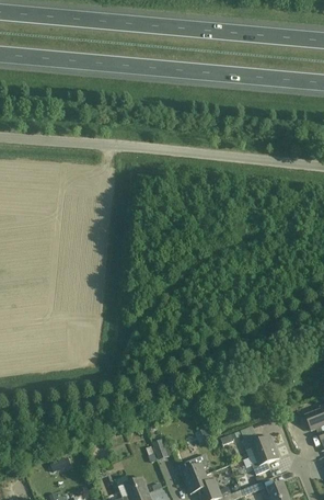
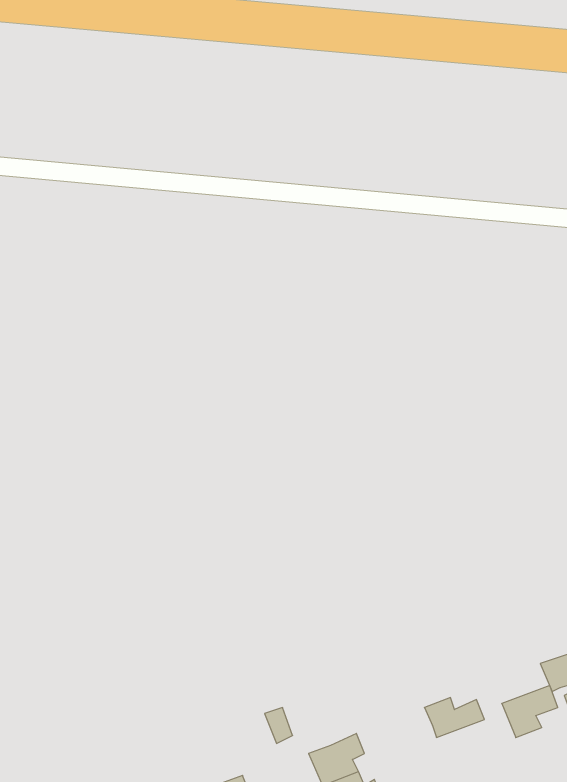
building: [248,445,279,474] -> [502,686,558,738]

